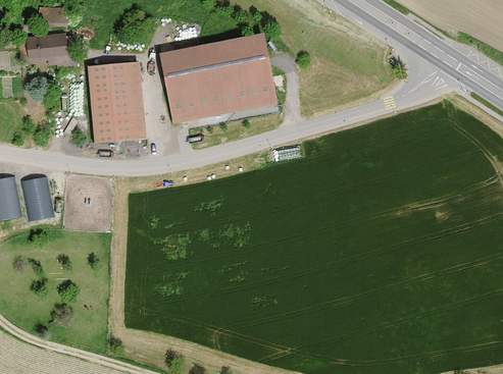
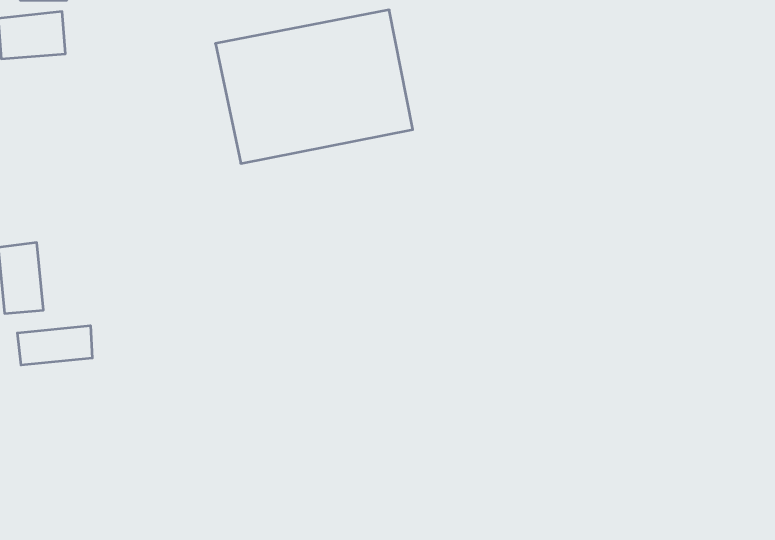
building: [86,63,145,144] -> none
building: none -> [17,326,92,365]

